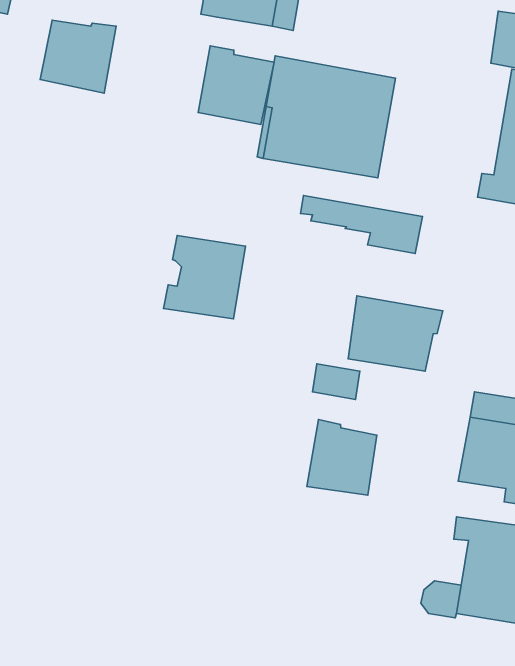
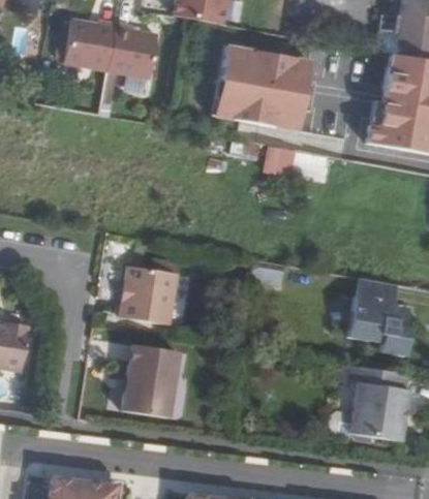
building: [198,46,274,124] -> [104,25,157,80]
building: [164,236,245,319] -> [119,266,176,323]
building: [348,296,443,371] -> none
building: [307,420,377,495] -> none
building: none -> [120,345,178,417]

